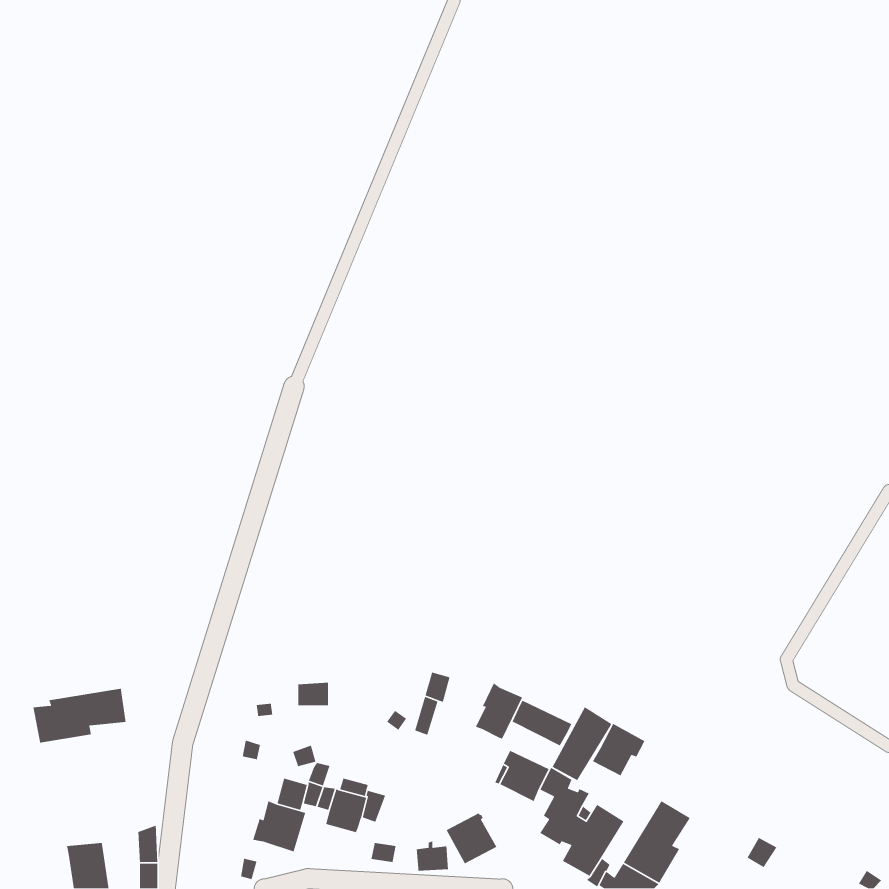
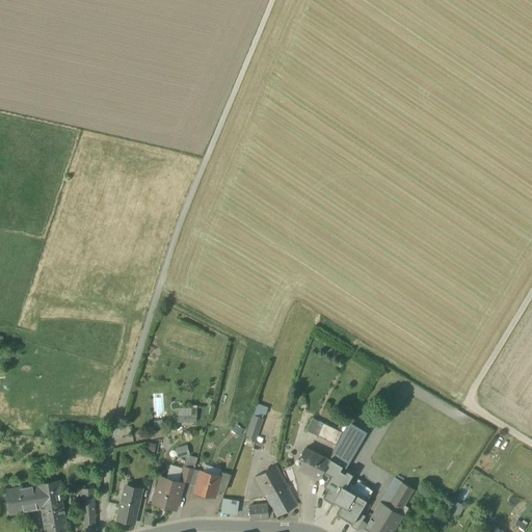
building: [475,682,523,740] -> none
building: [33,688,127,743] -> [5,482,61,515]
building: [592,723,646,777] -> none
building: none -> [255,467,286,498]
building: none -> [118,489,142,524]

